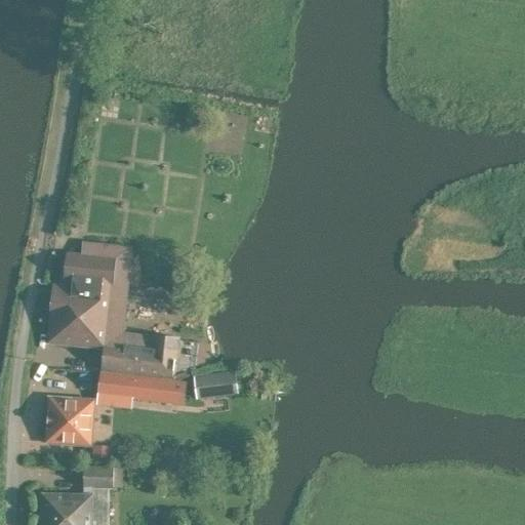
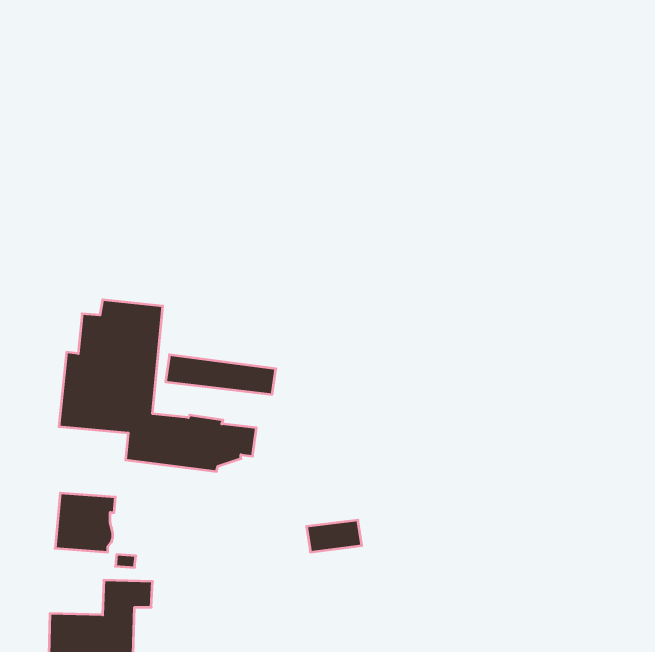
building: [97,372,186,404] -> [166,355,276,394]
building: [193,372,237,398] -> [307,520,362,552]

